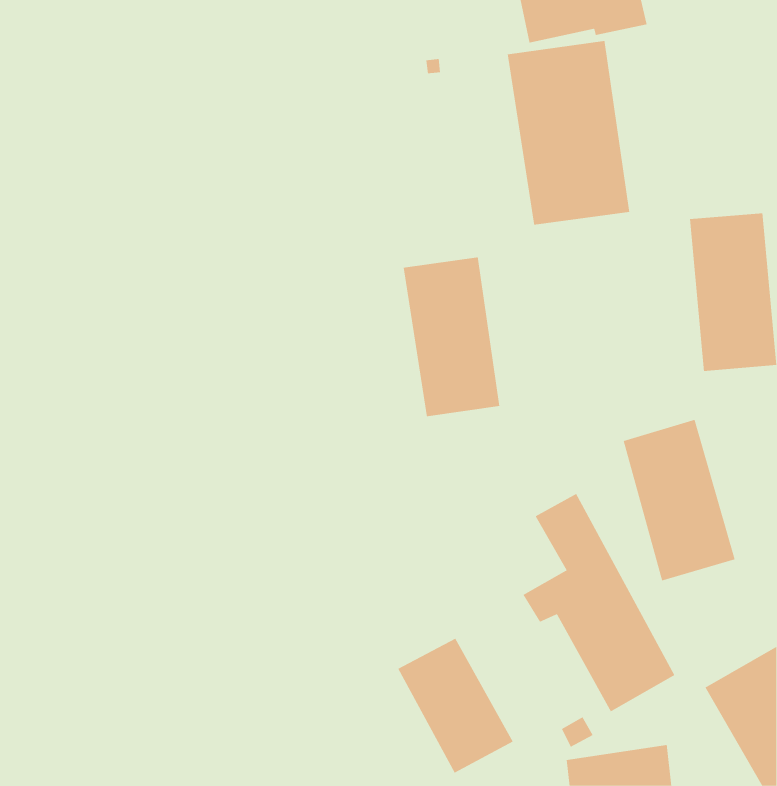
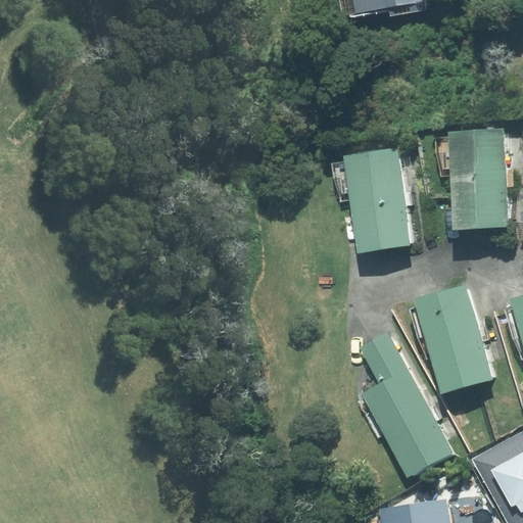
building: [507,40,630,225] -> none
building: [403,257,500,417] -> [351,161,416,268]
building: [397,638,514,774] -> none

